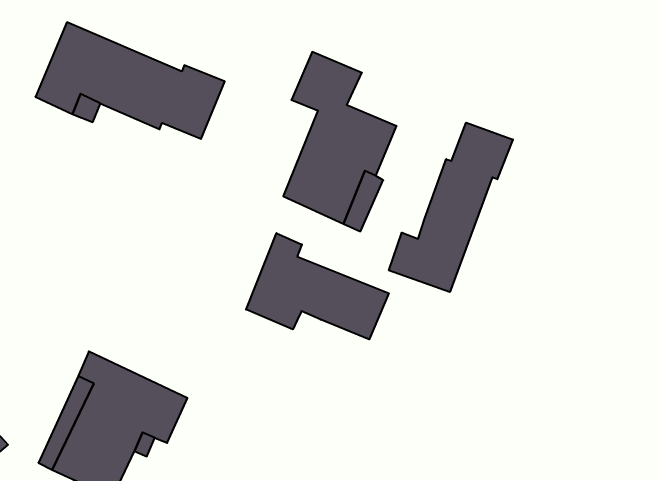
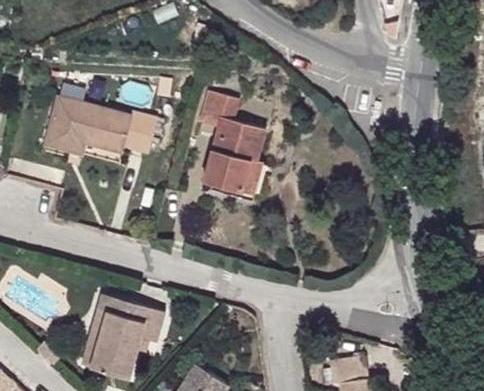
building: [389,123,513,292] -> none
building: [246,233,389,339] -> none

